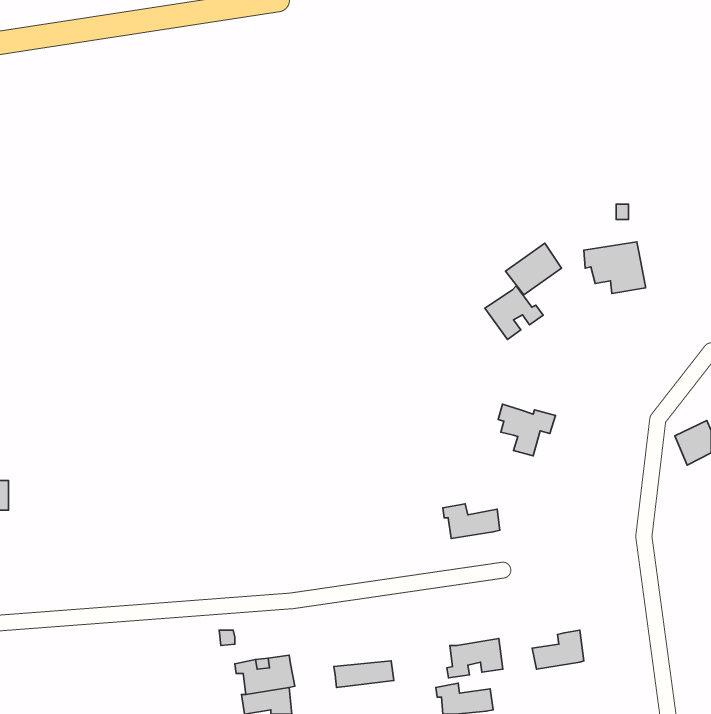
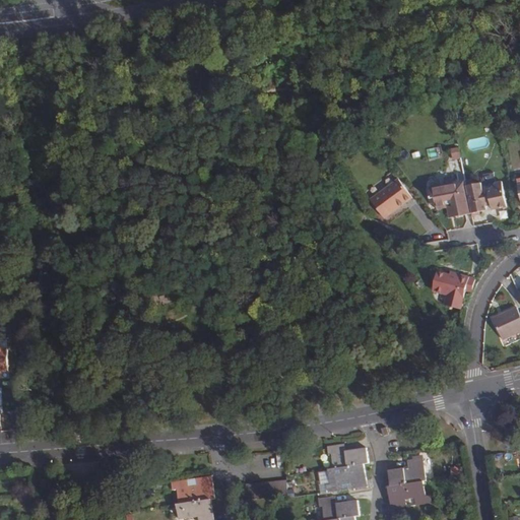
building: none -> [464,179,504,208]
building: [485,286,543,340] -> none
building: [498,404,555,456] -> [433,270,474,308]
building: [443,504,500,539] -> [326,444,368,469]
building: none -> [386,481,430,510]

